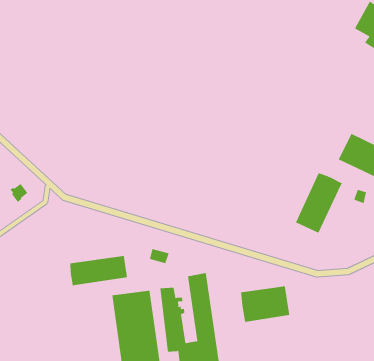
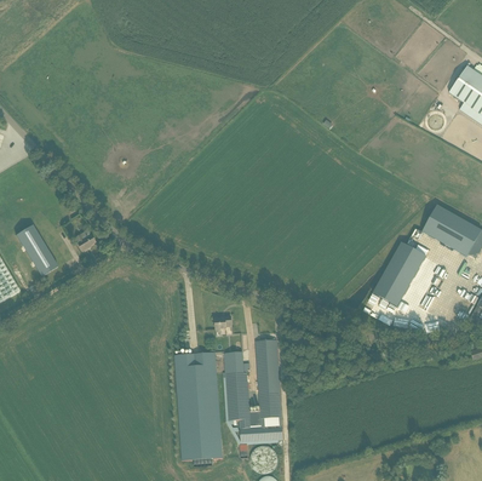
building: [70,255,127,286] -> none
building: [241,285,290,323] -> none

